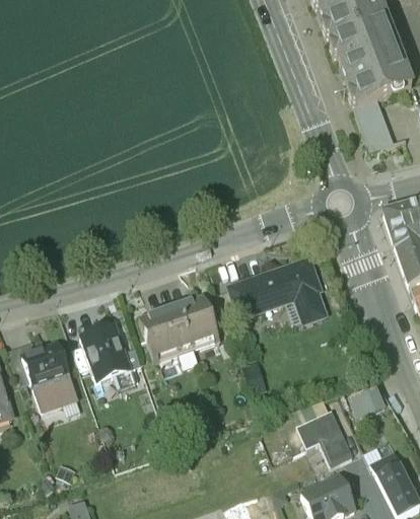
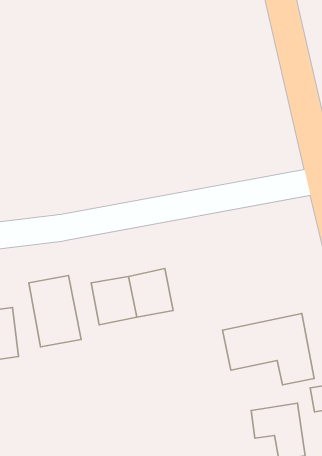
building: [233,252,327,322] -> [222,313,314,385]

